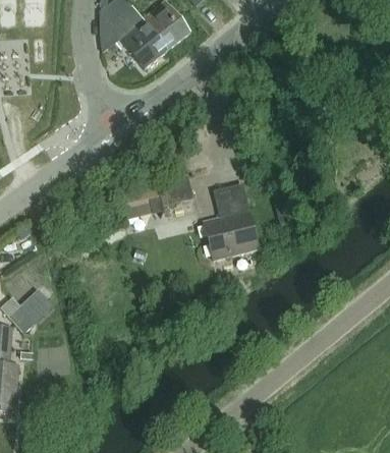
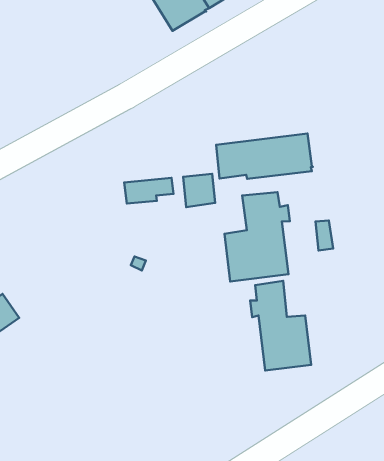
building: none -> [216,134,313,179]
building: none -> [250,281,311,370]

